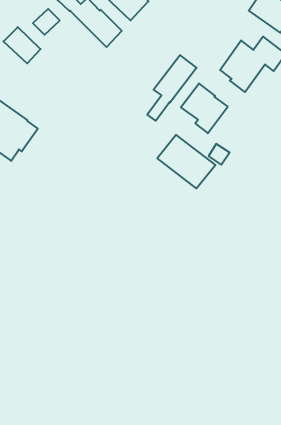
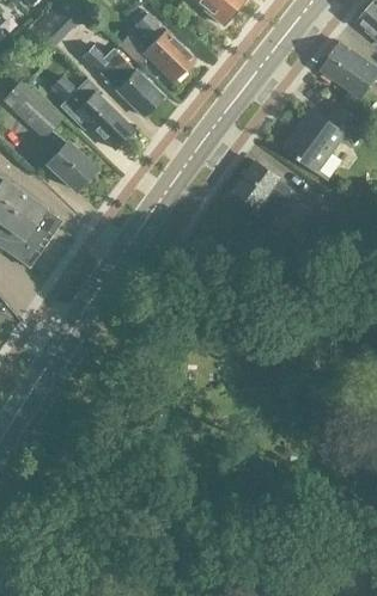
building: none -> [74,92,130,148]
building: [147,55,197,121] -> none
building: none -> [44,135,93,189]
building: [157,135,215,188] -> none

